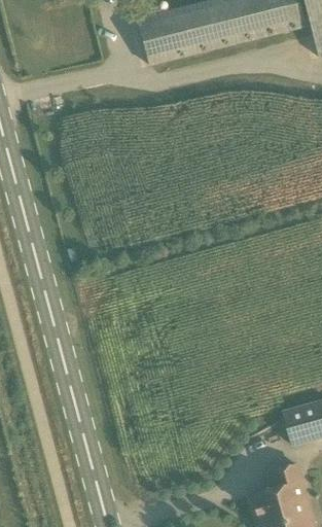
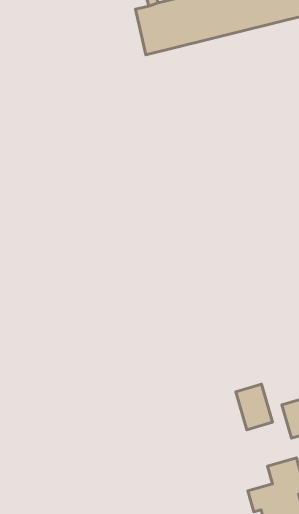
building: none -> [236,384,273,430]

